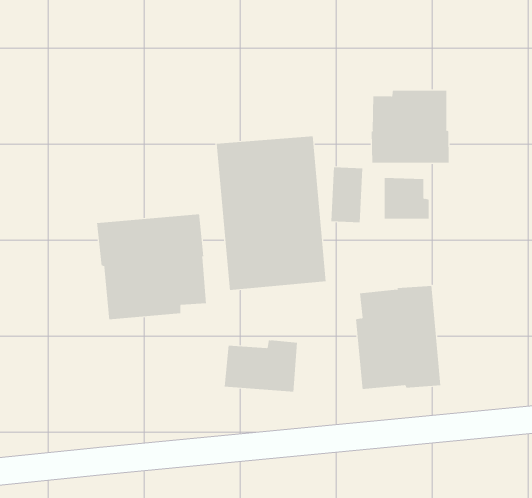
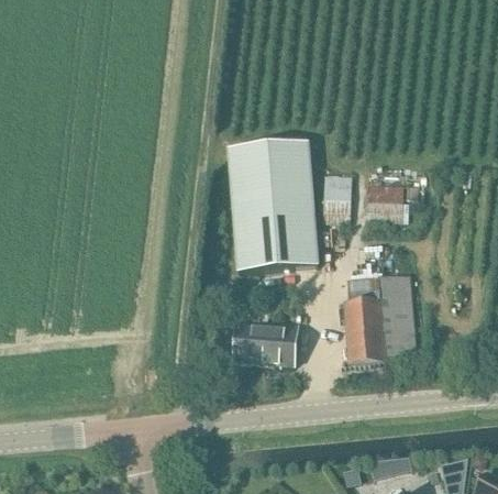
building: [371,90,449,164] -> none
building: [97,214,206,320] -> none

